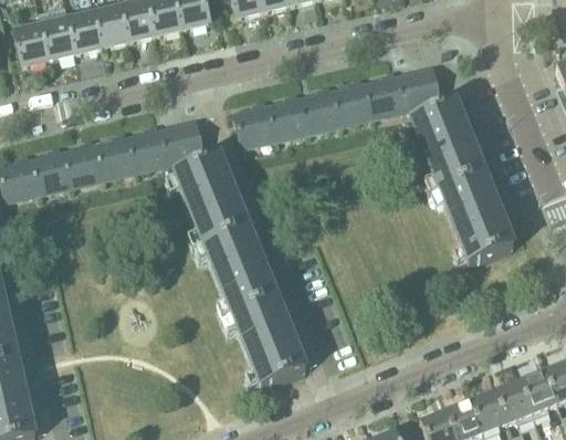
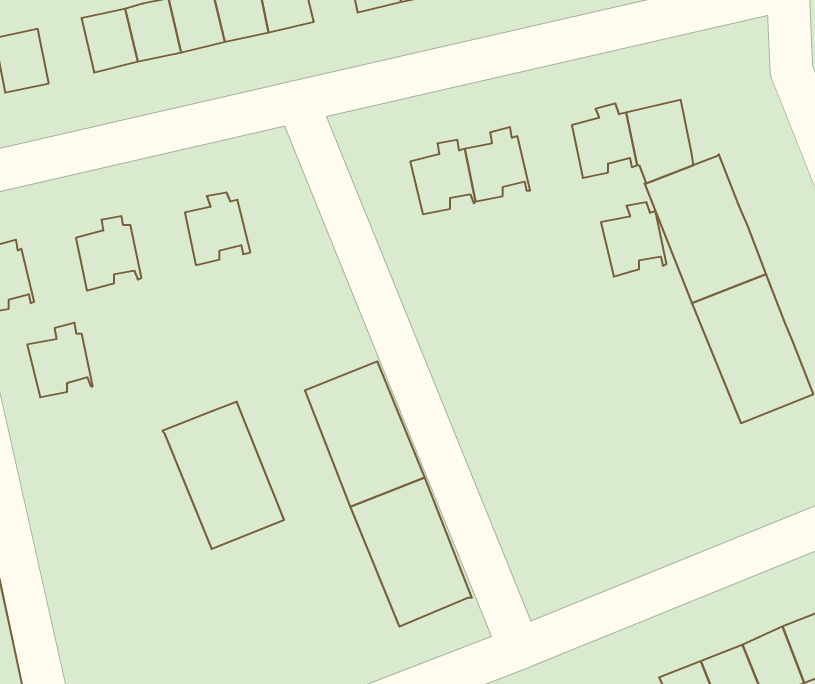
building: [43,19,77,59] -> none
building: [335,78,375,124] -> [601,202,666,277]
building: [237,101,277,146] -> none
building: [165,123,205,161] -> none
building: [99,132,139,177] -> none
building: [33,146,73,191] -> [27,323,93,397]
building: [176,156,250,245] -> [162,402,284,549]

